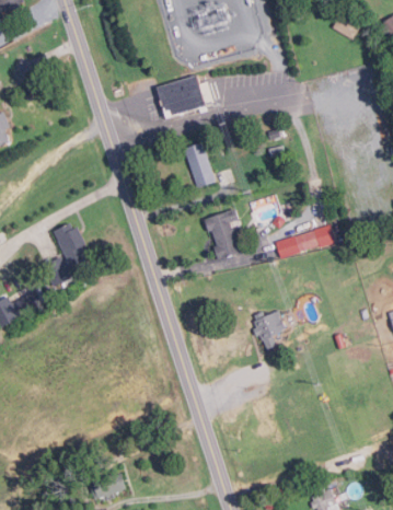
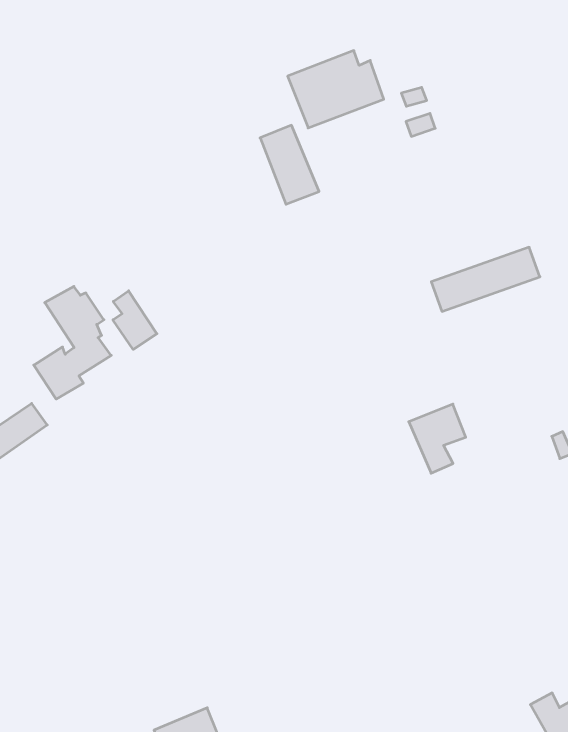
building: [158,74,211,116] -> [288,51,384,128]
building: [205,209,247,268] -> none
building: none -> [113,291,157,349]

